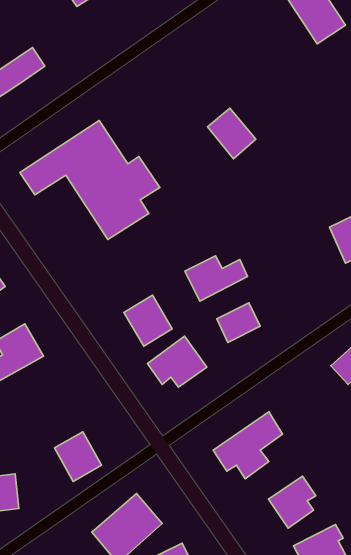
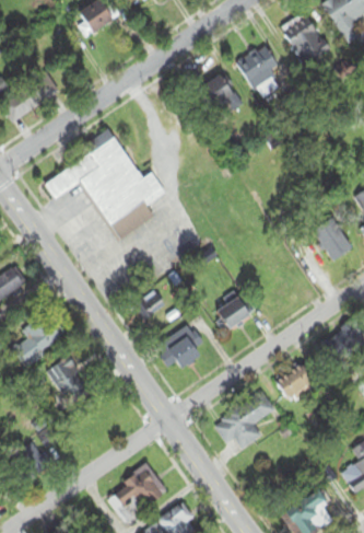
building: none -> [235,44,280,89]
building: [208,108,256,159] -> [198,73,240,118]
building: [185,256,247,301] -> none
building: none -> [277,366,315,403]
building: [55,432,102,481] -> [46,356,87,399]
building: [268,476,316,528] -> none

